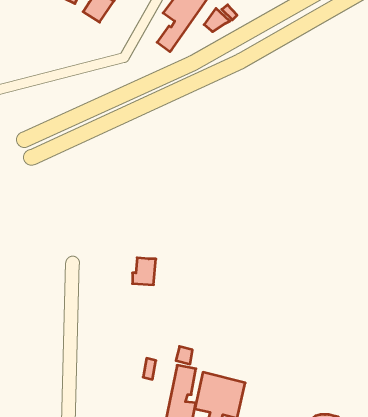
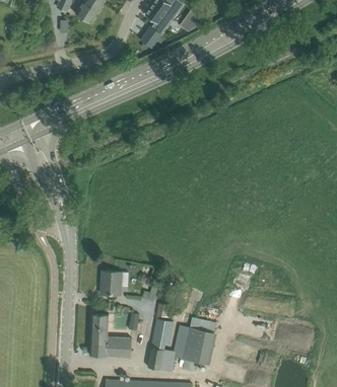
building: [132,258,156,285] -> [102,270,122,294]
building: none -> [90,313,132,357]

